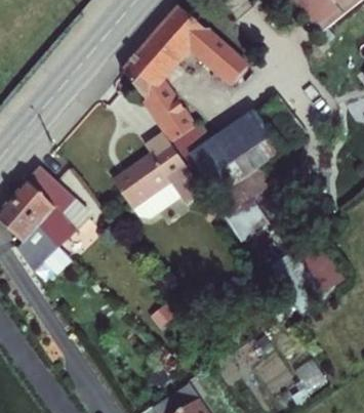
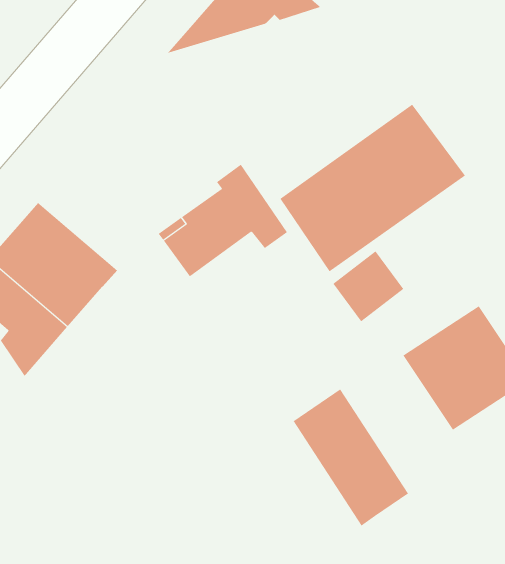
building: [193,44,247,85] -> none
building: [123,54,207,165] -> none
building: none -> [293,388,409,526]

